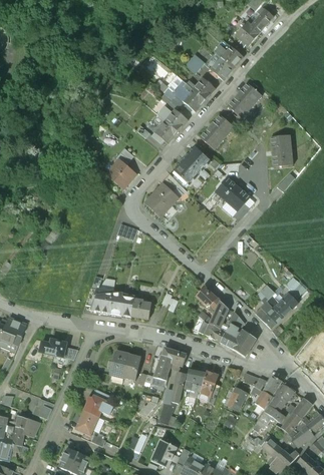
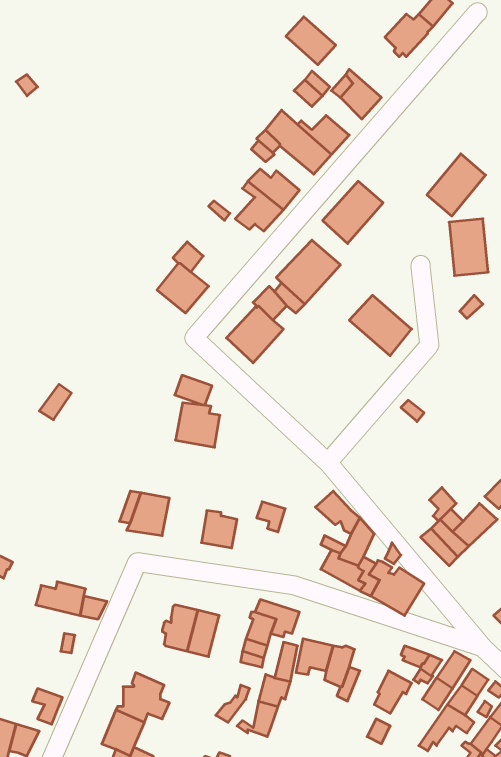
building: [215,38,243,65] -> [286,17,336,65]
building: [228,80,261,115] -> [427,154,486,216]
building: [109,291,134,316] -> [175,403,220,447]

